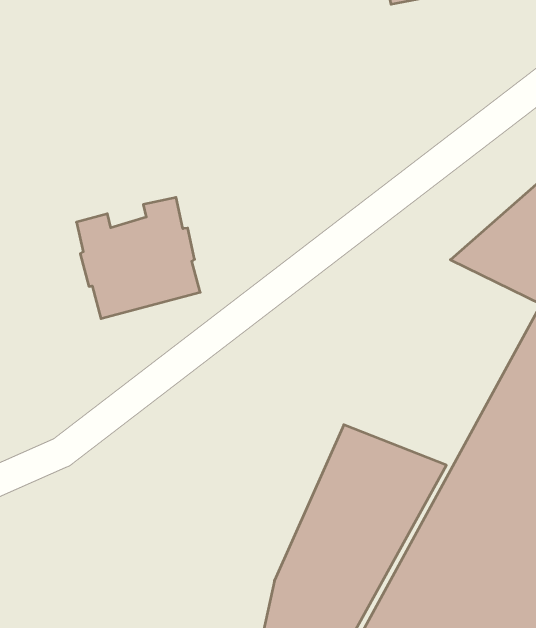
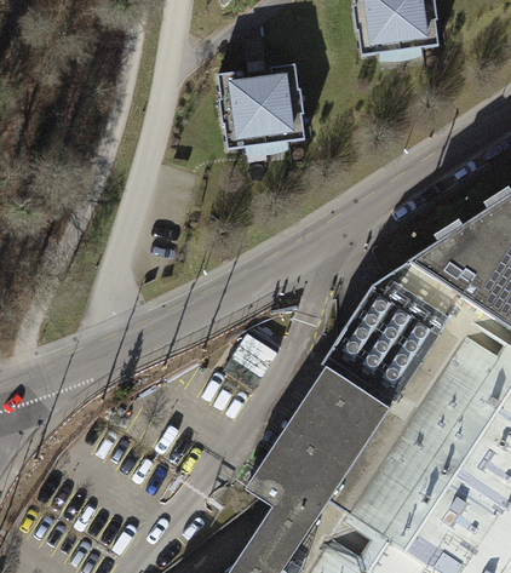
building: [76,197,200,319] -> [223,67,310,151]
building: none -> [327,265,461,402]

